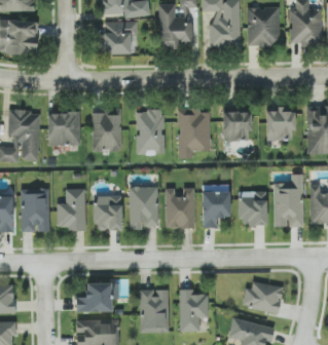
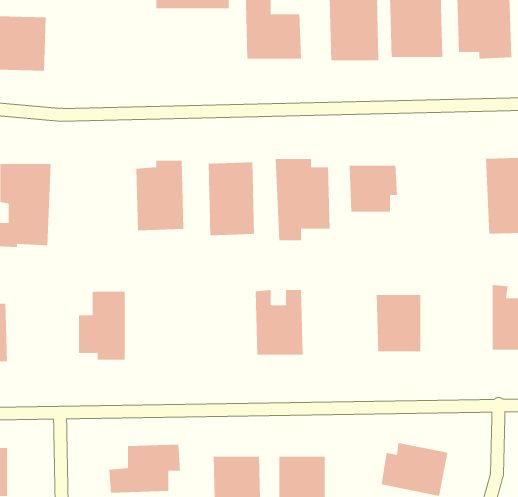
building: [102,21,138,53] -> none
building: [266,108,294,140] -> none
building: [47,111,80,145] -> none
building: [274,172,303,226] -> none
building: [129,186,158,229] -> none
building: [20,187,49,231] -> none
building: [201,190,230,227] -> none
building: [95,195,122,230] -> none

